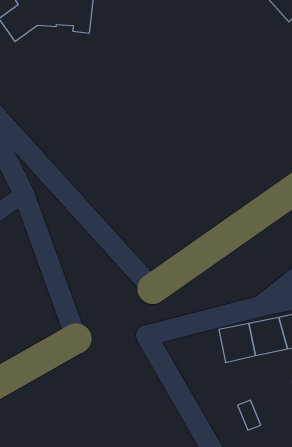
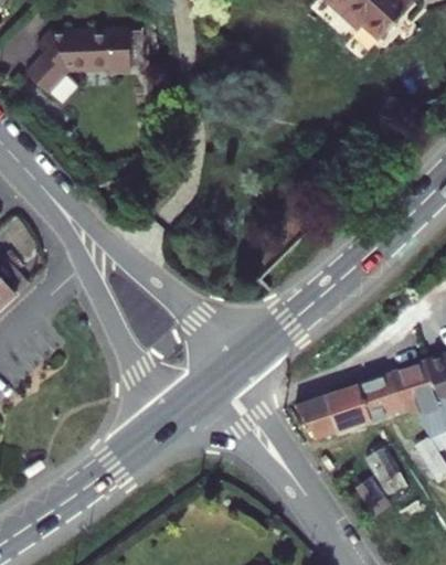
building: none -> [288,397,335,441]
building: none -> [365,449,406,498]

